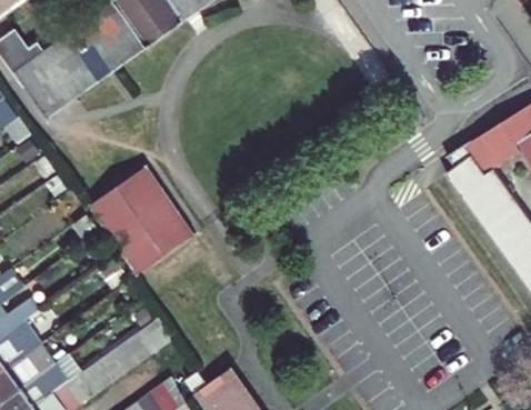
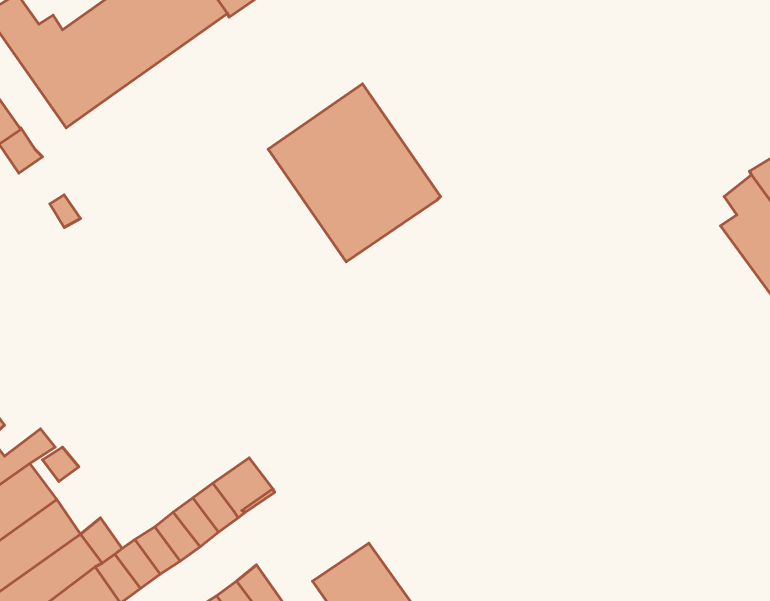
building: [89,164,194,273] -> [268,84,441,262]

